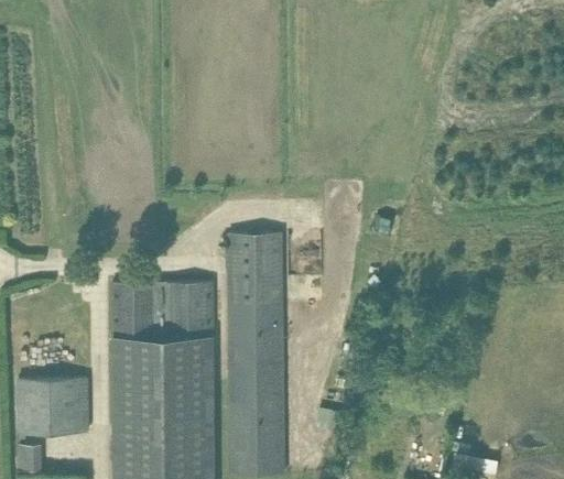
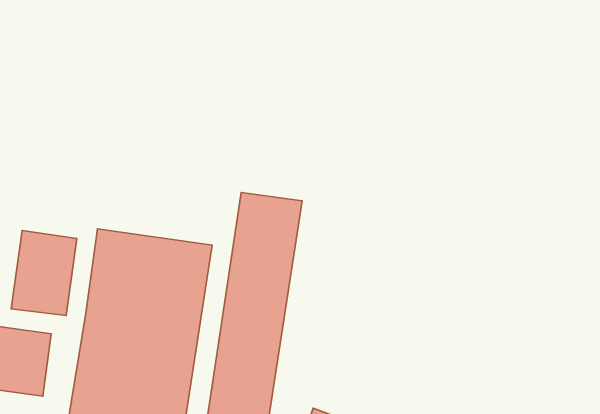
building: none -> [11,231,77,316]

